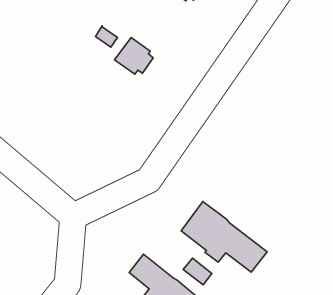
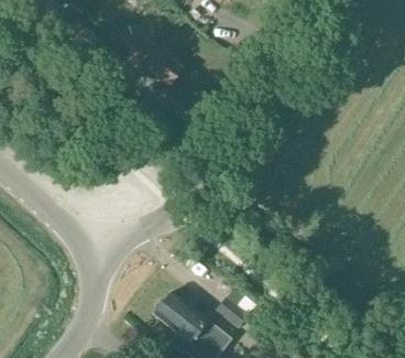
building: [181,202,267,272] -> none

